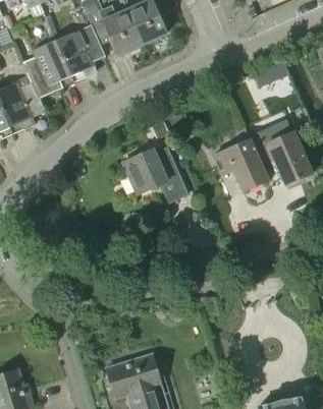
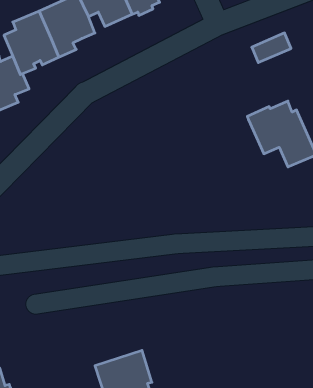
building: [213,140,268,191] -> none
building: [122,147,187,201] -> none

